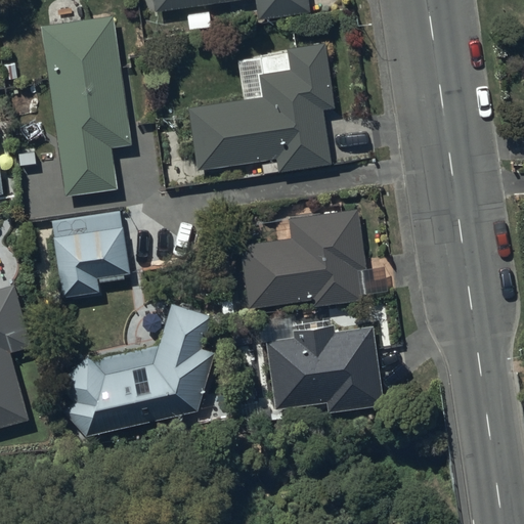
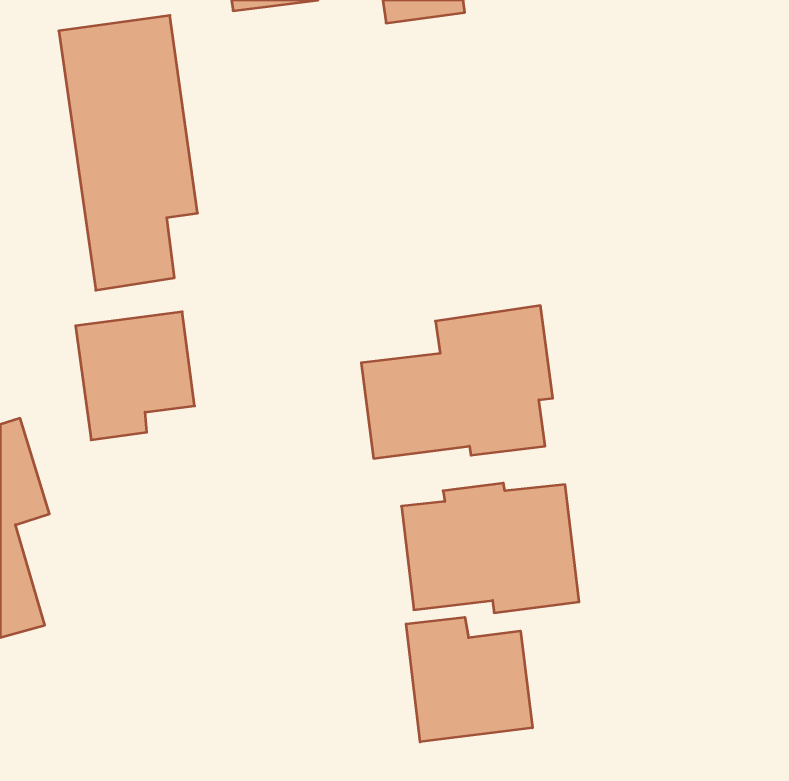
building: [187,46,334,171] -> none
building: [58,304,214,435] -> none
building: none -> [406,617,532,742]

